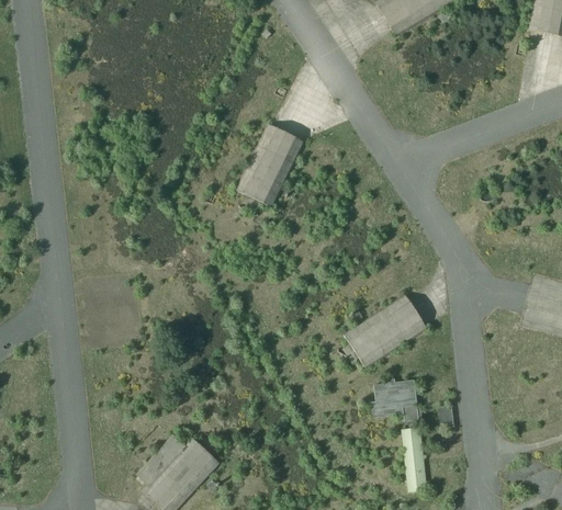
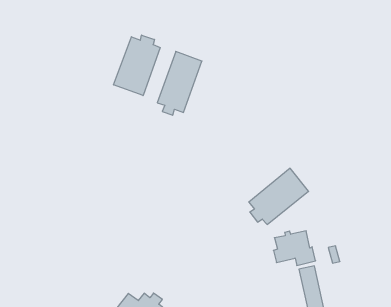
building: none -> [114,35,160,96]

